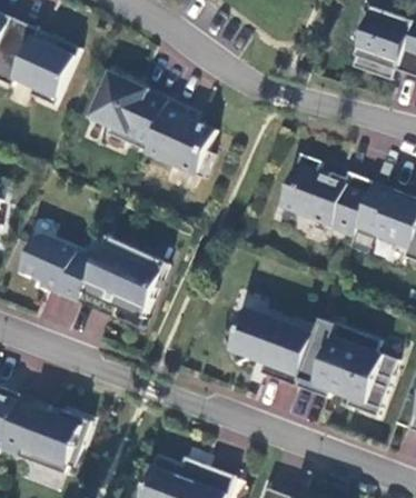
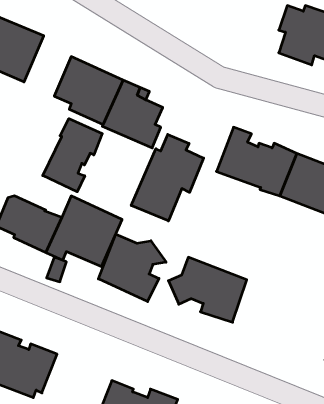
building: none -> [43,119,102,192]
building: none -> [131,134,204,221]
building: none -> [98,234,166,302]
building: [298,318,395,407] -> none

